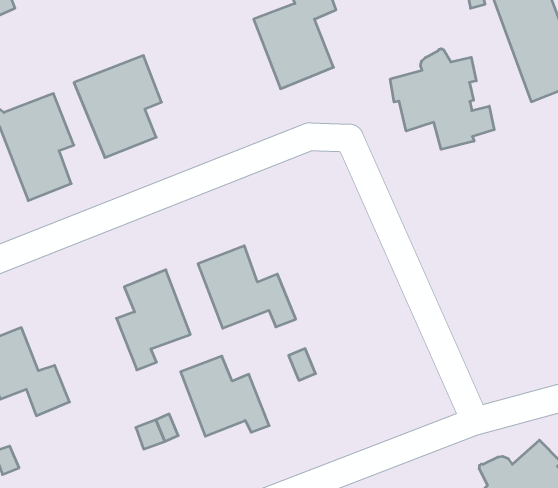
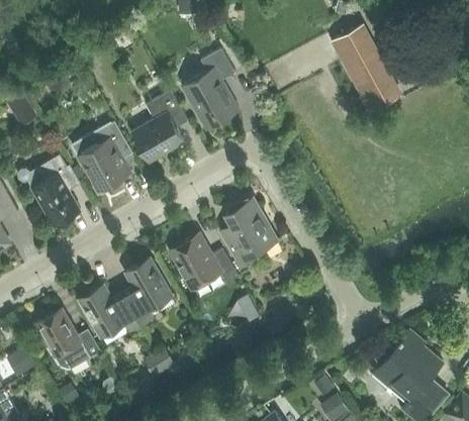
building: none -> [131,91,187,163]
building: [390,49,494,149] -> none
building: none -> [223,199,277,268]
building: [181,356,269,436] -> [78,285,140,338]

